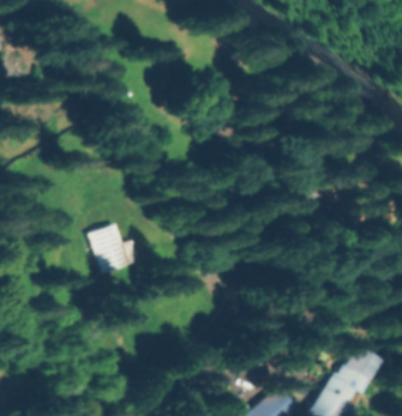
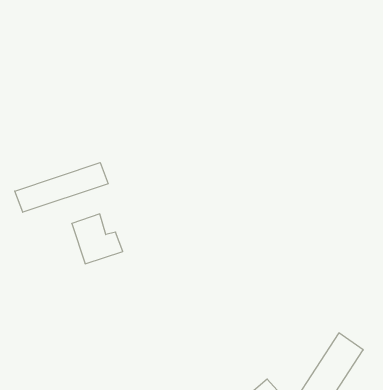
building: none -> [15,163,108,212]

